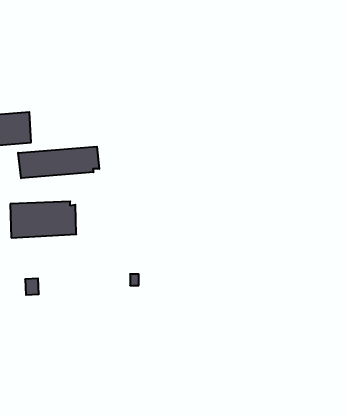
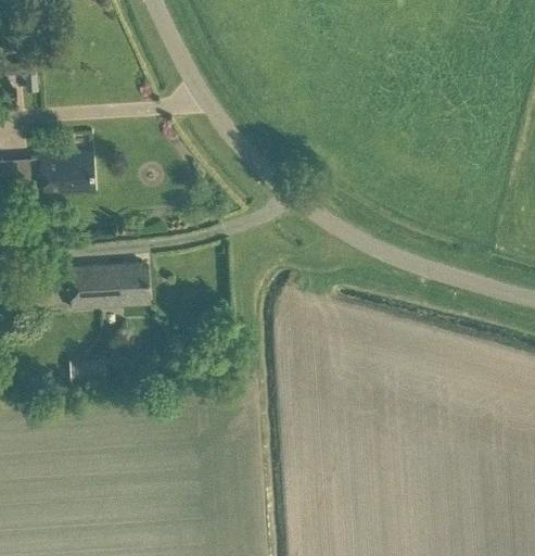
building: [18,147,99,178] -> none

